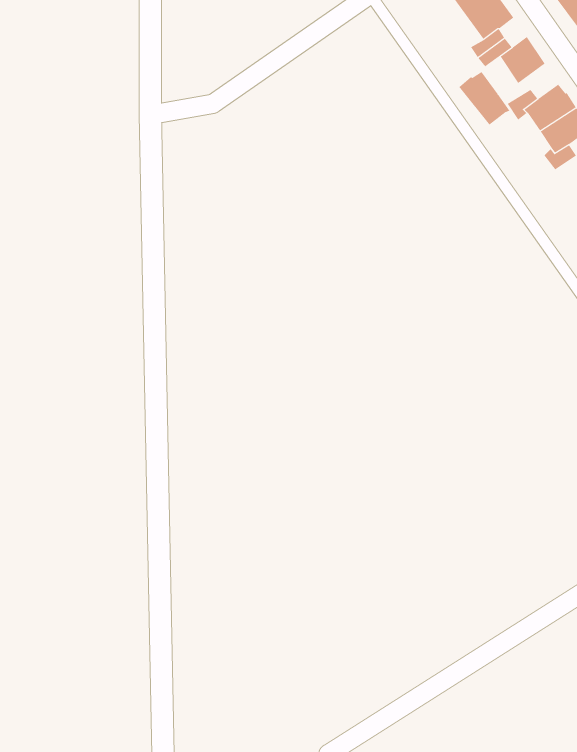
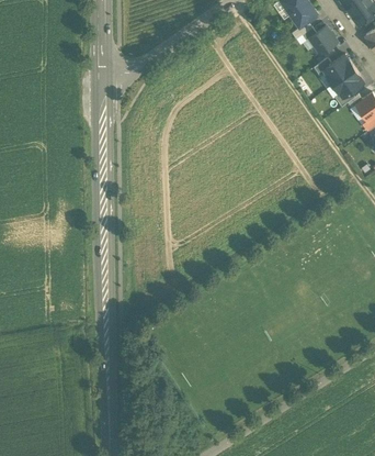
building: [458,71,510,126] -> none

